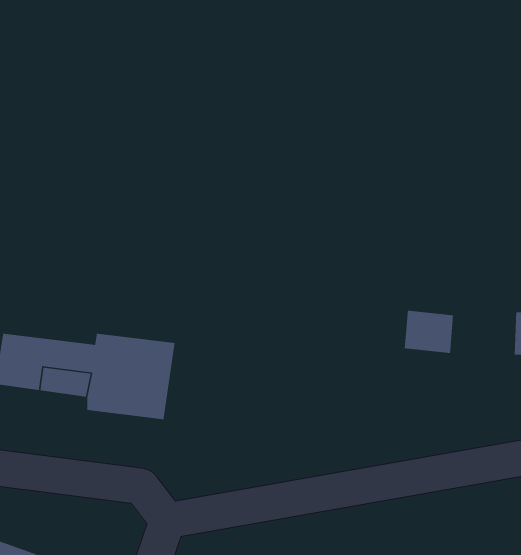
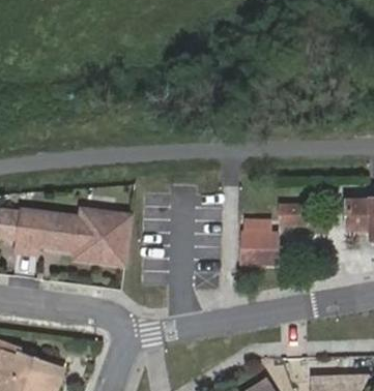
building: none -> [241,225,271,269]

